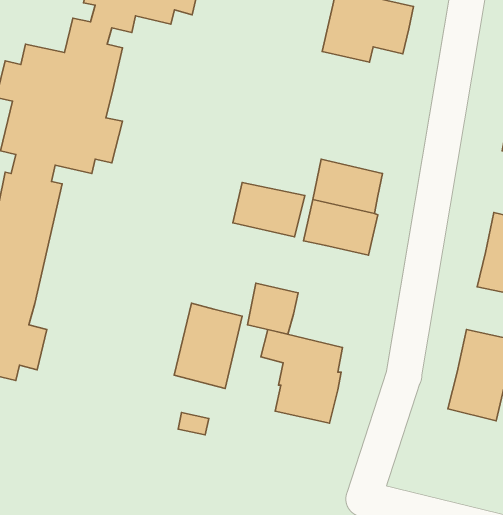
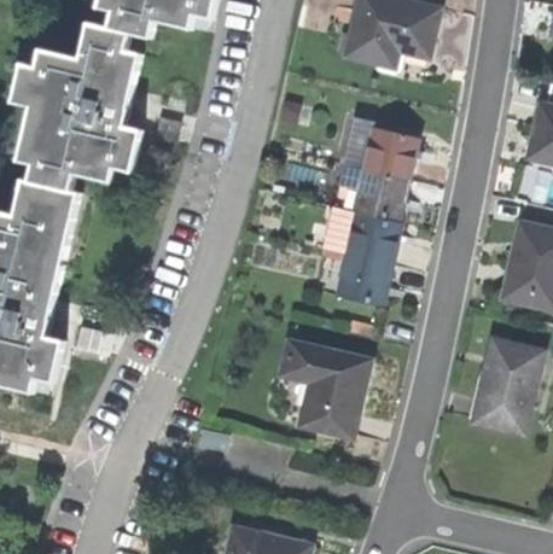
building: [233,182,305,237] -> [343,124,417,180]
building: [247,283,298,334] -> [339,253,391,305]
building: [174,303,242,388] -> none

